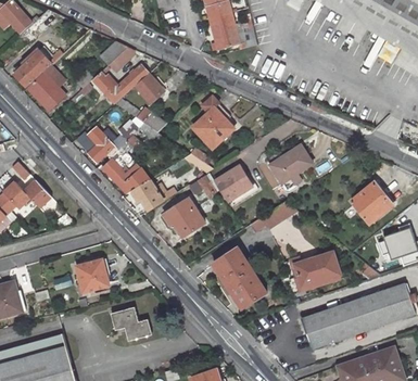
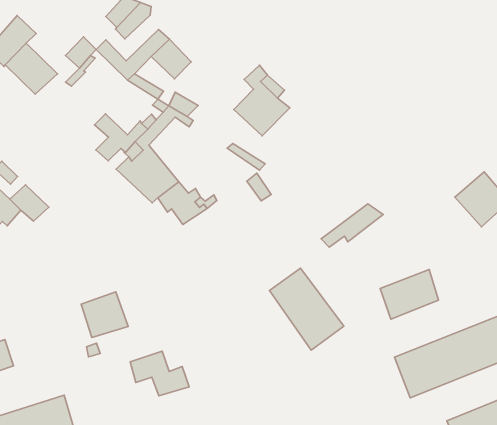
building: [275,147,317,183] -> none
building: [219,165,257,203] -> none
building: [168,199,208,237] -> none

